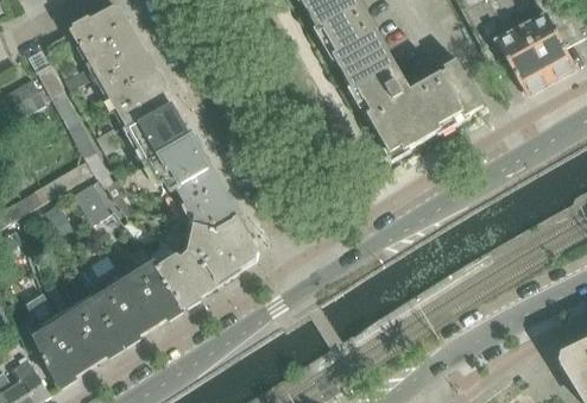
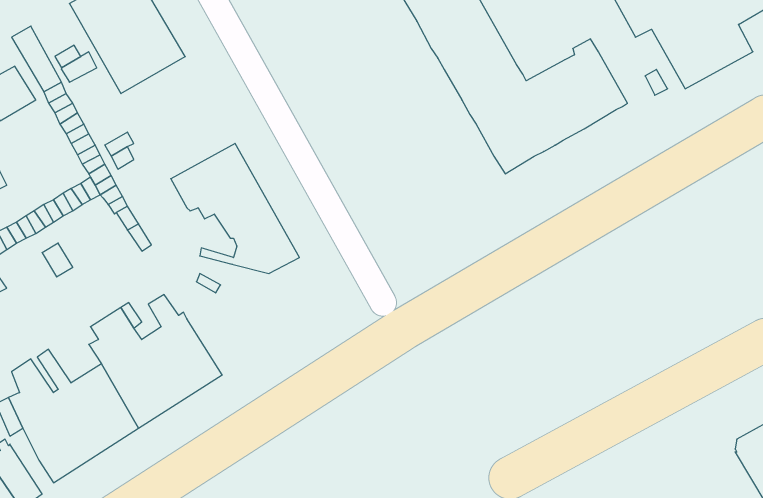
building: [109,71,194,162] -> none
building: [74,183,112,226] -> none
building: [158,220,258,307] -> none

